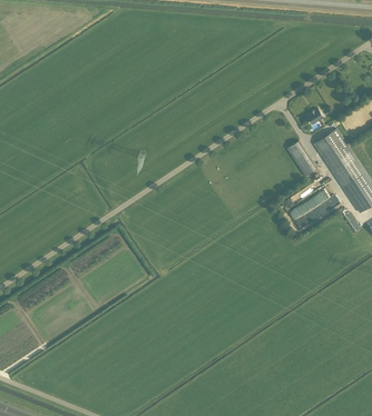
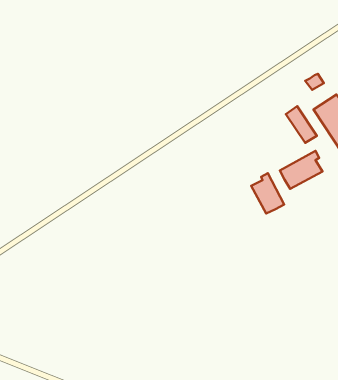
building: none -> [251,173,284,214]

